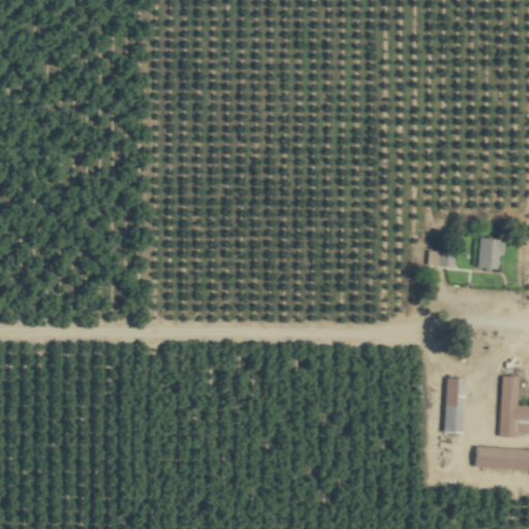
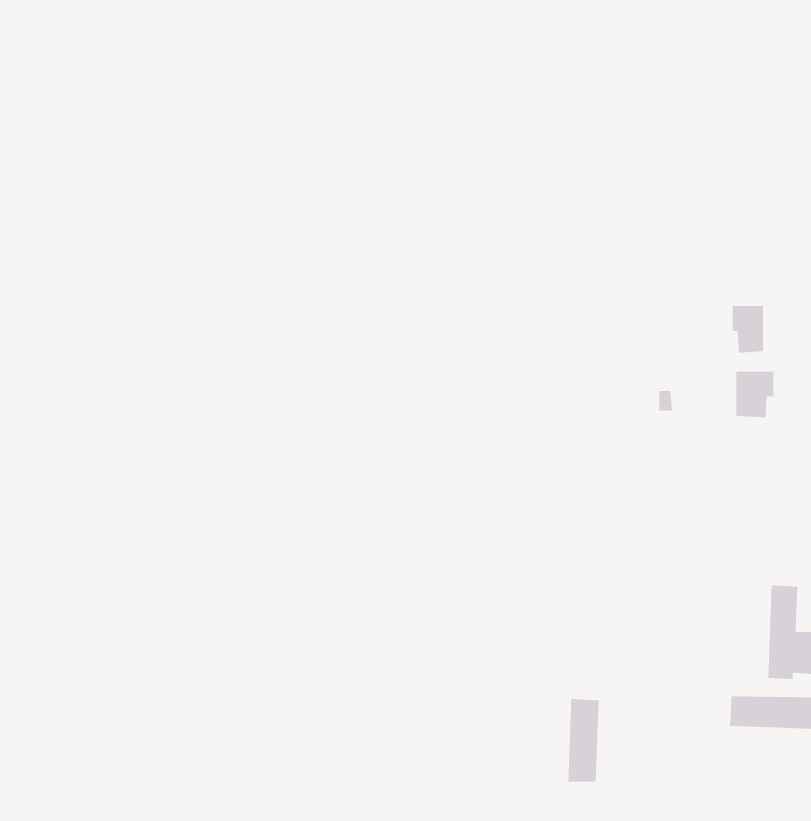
building: none -> [732,305,763,354]
building: [444,377,465,431] -> [567,699,600,782]

